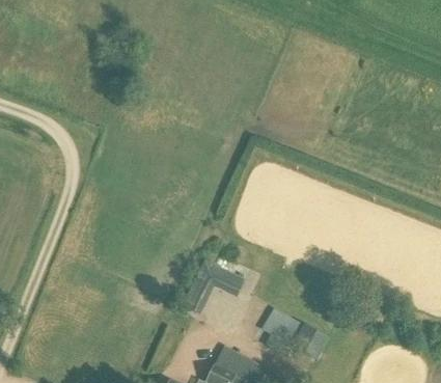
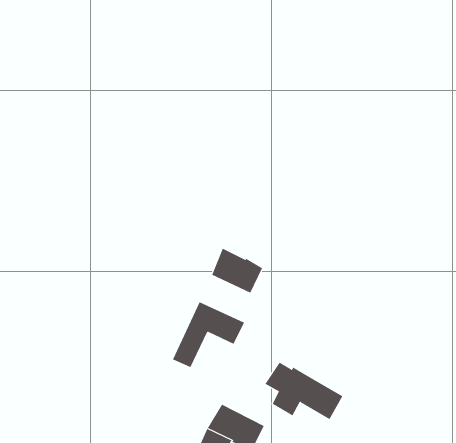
building: none -> [211,248,263,294]

